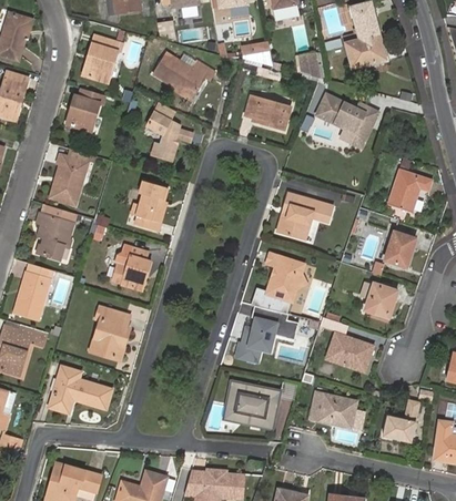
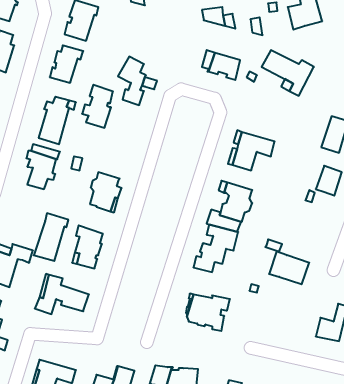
building: [154,53,216,98] -> none
building: [131,180,168,231] -> [82,85,113,128]
building: [13,265,54,321] -> [34,213,68,261]
building: [364,285,396,319] -> none
building: [308,393,357,437] -> none

